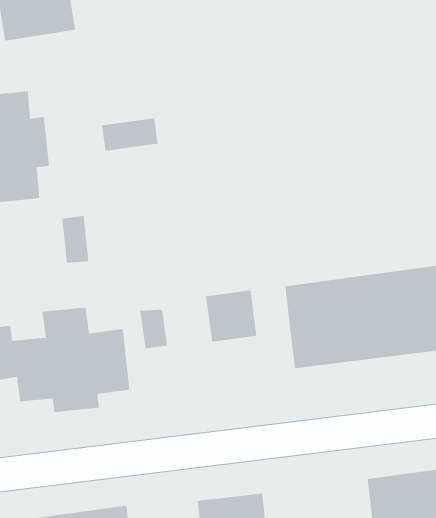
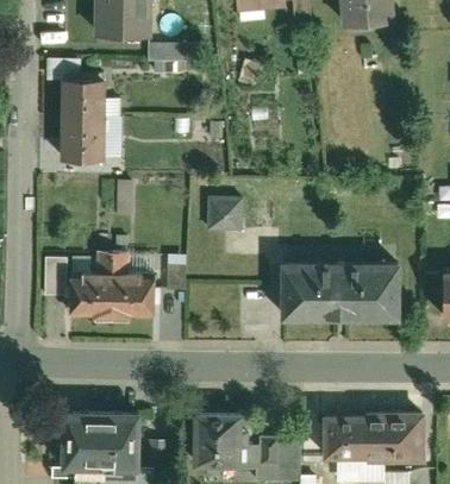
building: [101,118,158,151] -> [146,44,188,64]
building: [205,290,257,342] -> [207,197,243,233]

